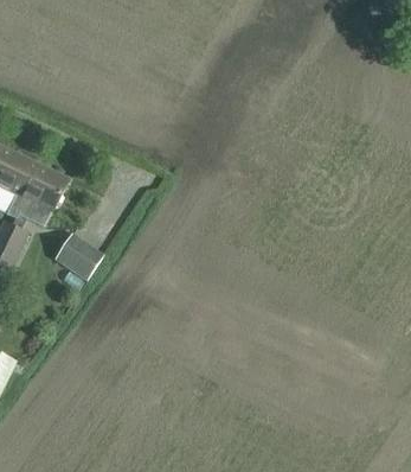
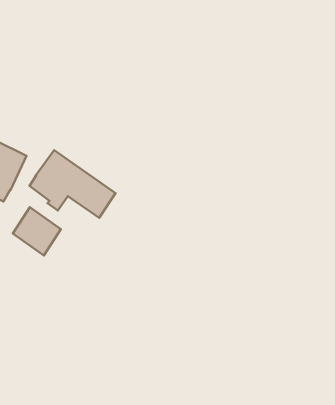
building: none -> [30,150,116,218]

